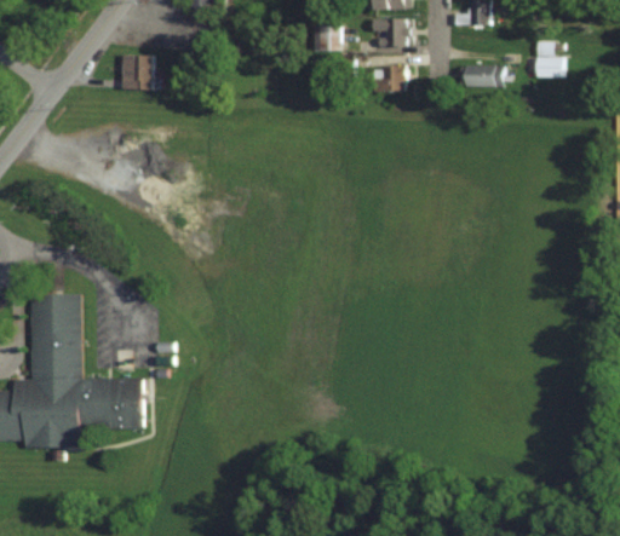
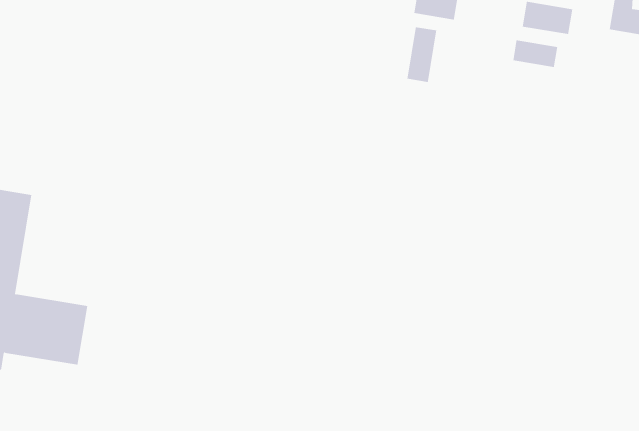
building: none -> [513,40,558,68]
building: none -> [407,26,437,83]

